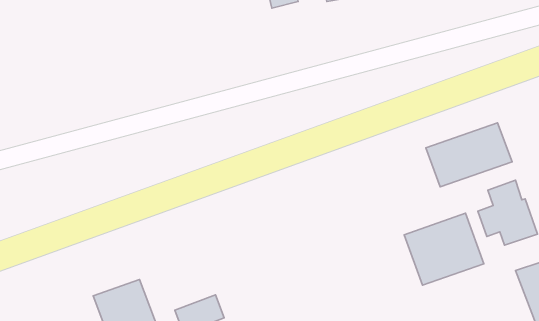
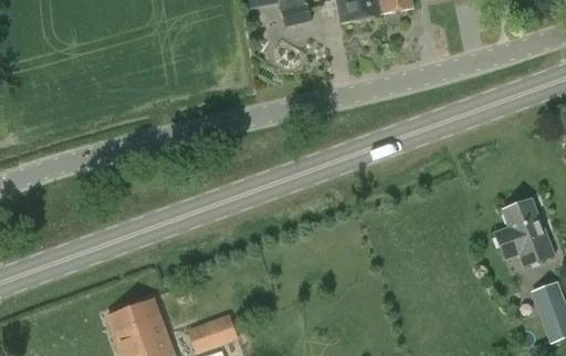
building: [426,123,512,187] -> none
building: [404,213,484,285] -> none

